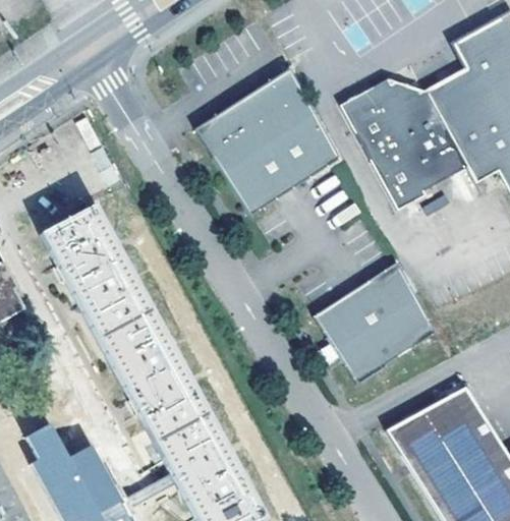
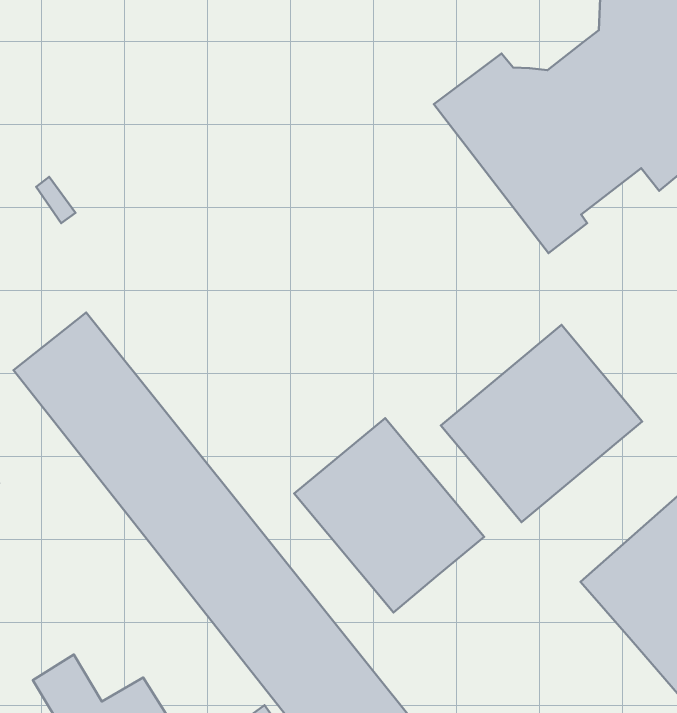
building: [195,69,338,215] -> none
building: none -> [294,418,484,612]

